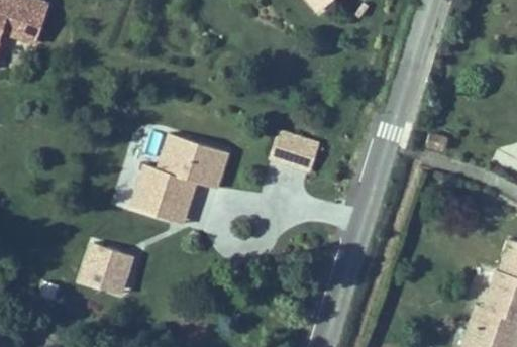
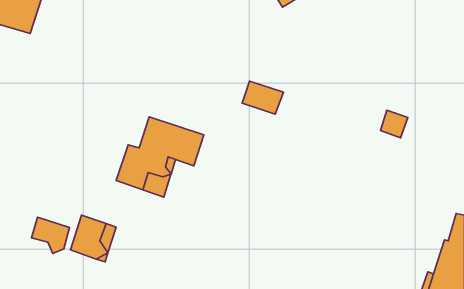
building: [271,133,316,169] -> [242,81,283,114]
building: none -> [32,217,70,254]

